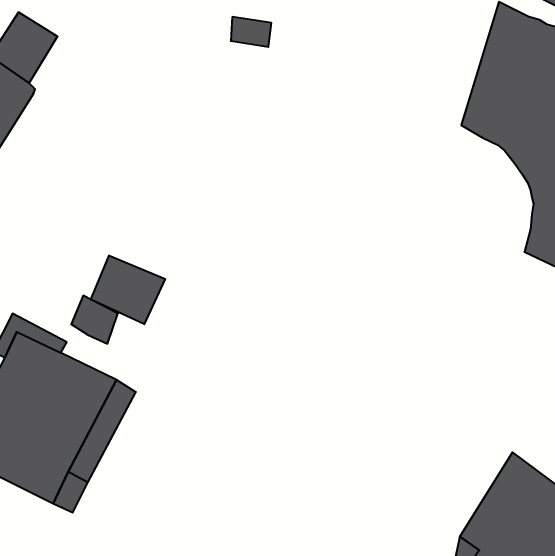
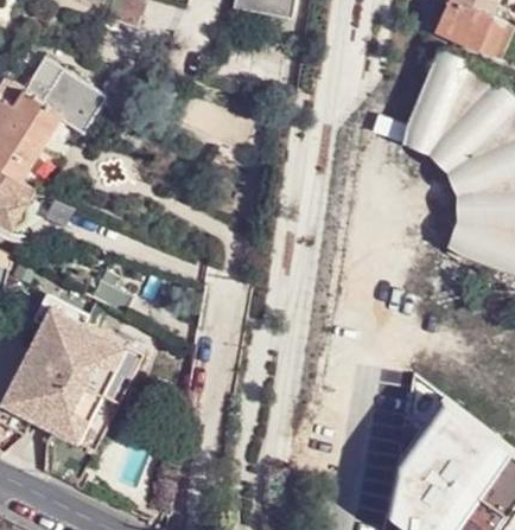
building: none -> [58,72,108,130]
building: [91,255,165,324] -> none

